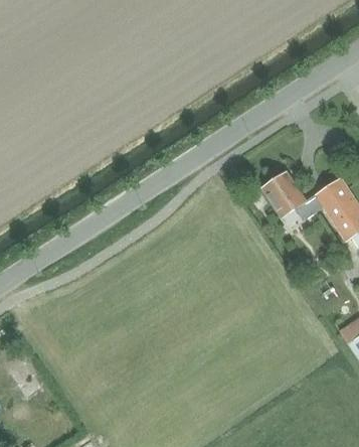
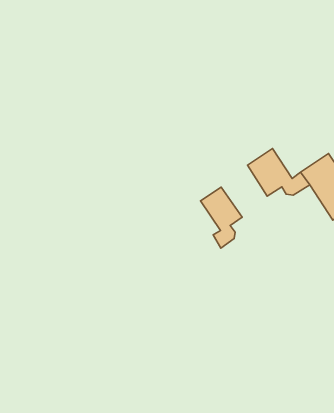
building: none -> [201,187,242,248]

